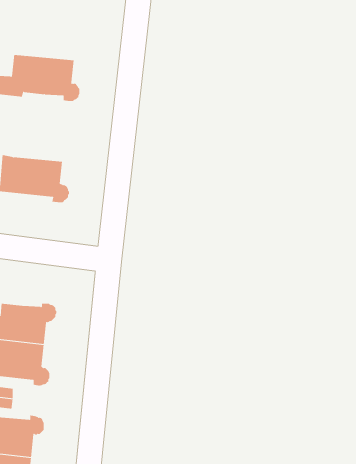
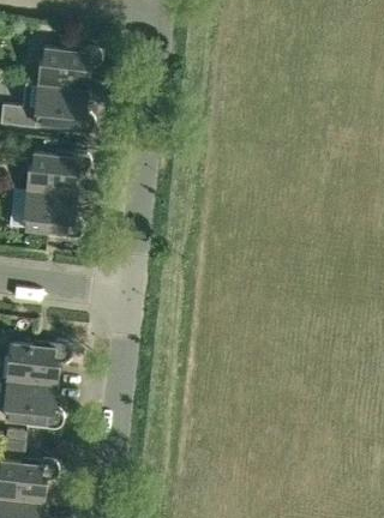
building: none -> [36,46,101,89]
building: none -> [24,151,89,194]

